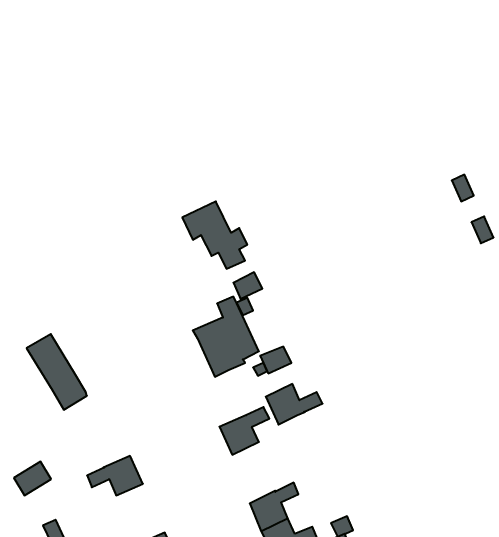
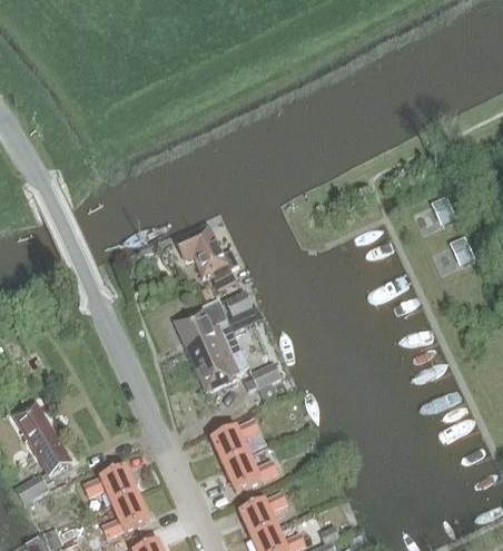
building: none -> [175,302,225,347]
building: [27,334,87,410] -> [13,403,71,475]
building: [266,384,323,425] -> [224,454,278,493]
building: none -> [102,494,149,539]

